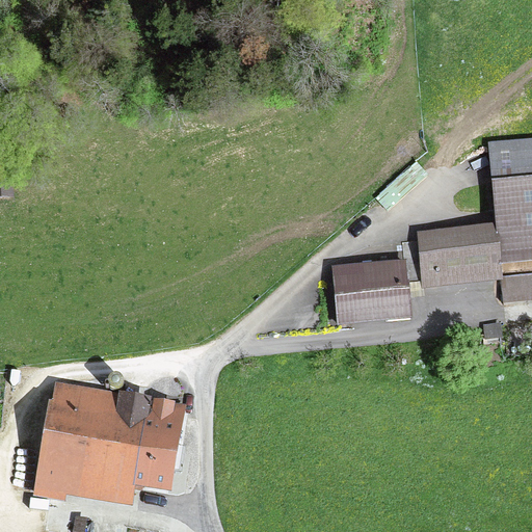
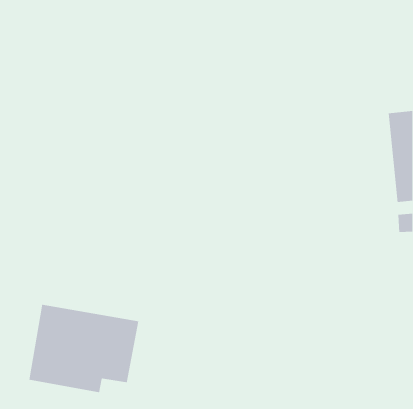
building: [421,225,501,281] -> none
building: [334,260,413,320] -> none

